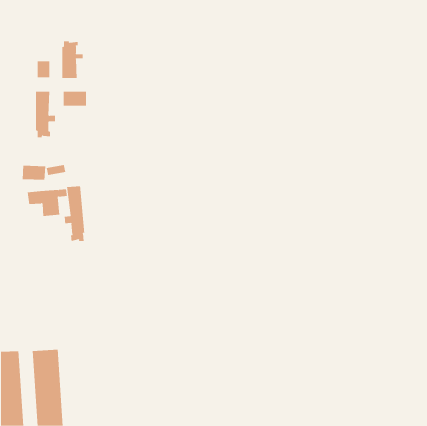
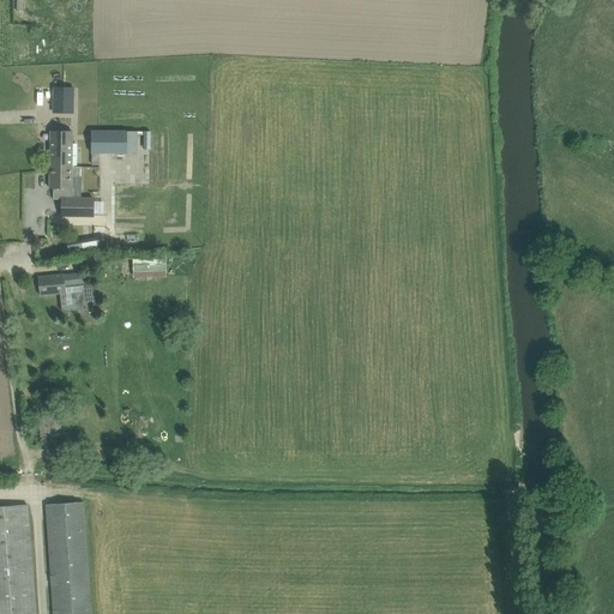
building: [62,41,83,79] -> none
building: [22,165,46,180] -> [60,195,95,217]
building: [64,185,85,242] -> none

